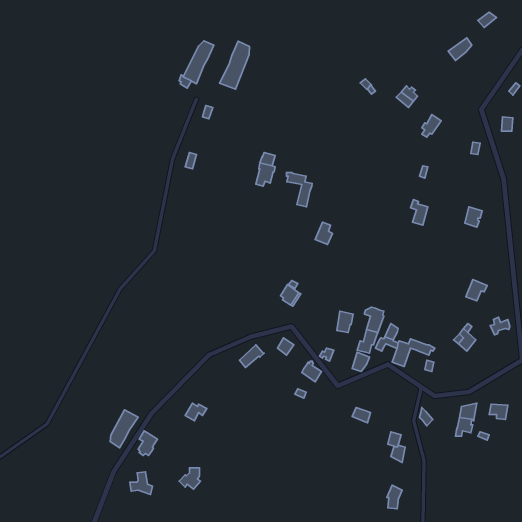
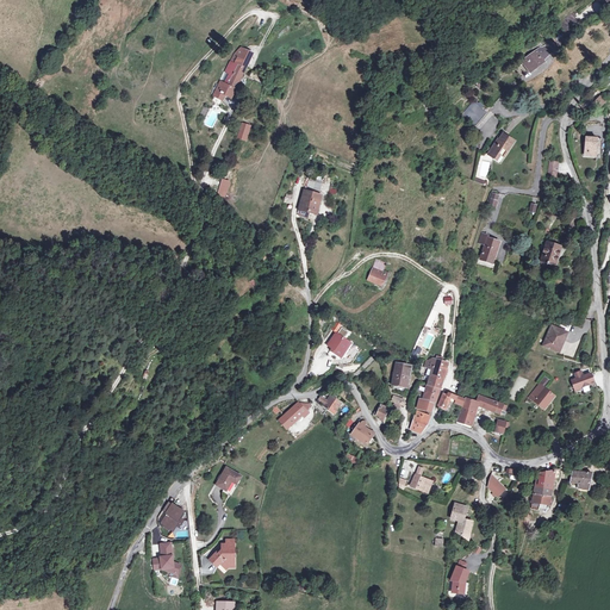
building: [219,41,249,89] -> none
building: [286,172,312,207] -> none
building: [110,410,138,448] -> none

